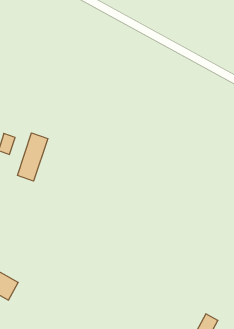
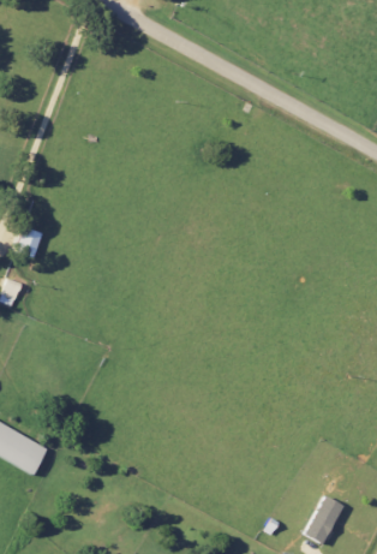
building: [17,133,48,181] -> none

